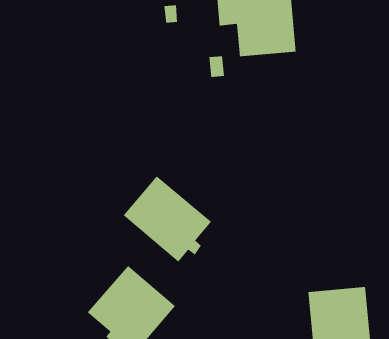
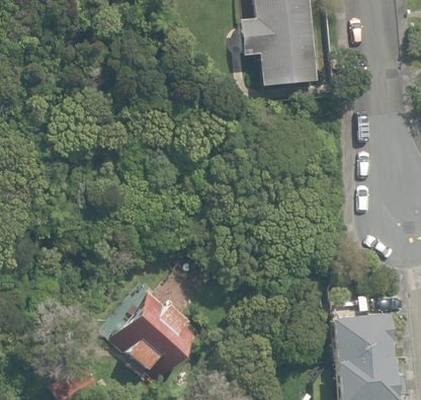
building: [123,176,212,262] -> none

